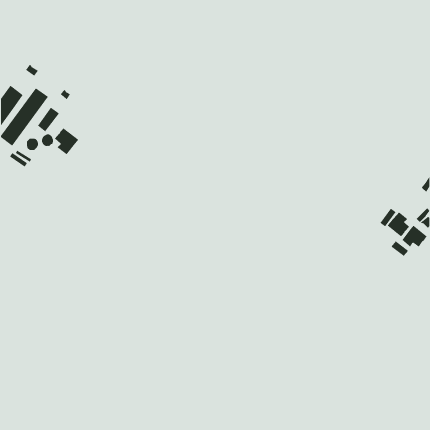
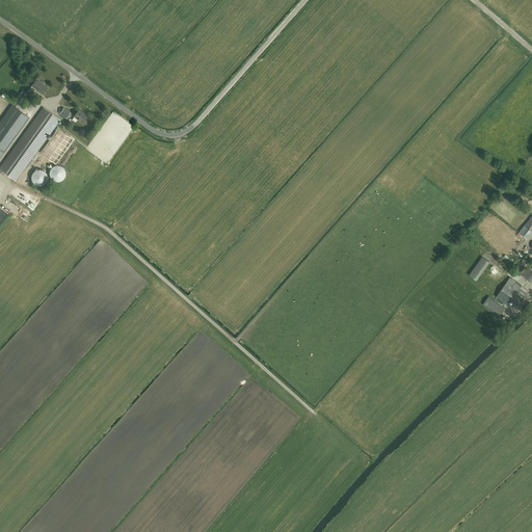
building: [54,127,79,155] -> none
building: [387,211,410,237] -> none

